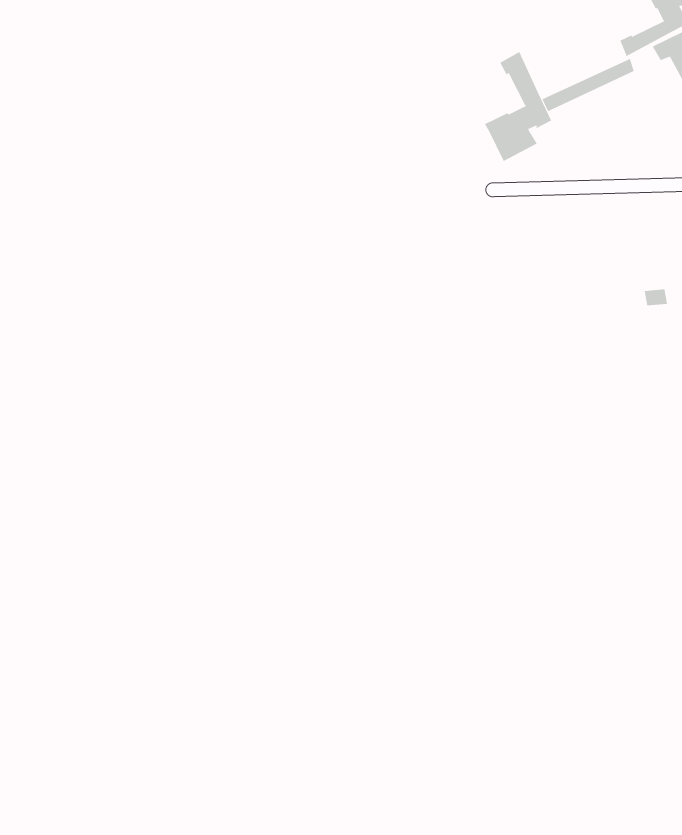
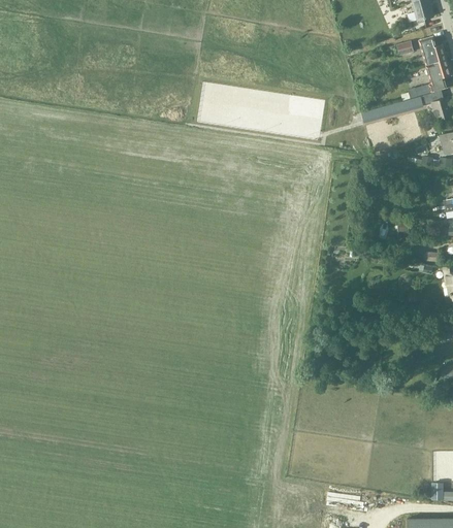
building: [484,51,552,162] -> none

